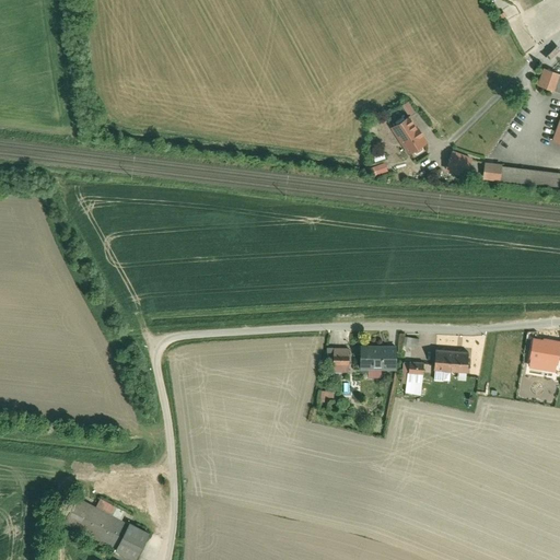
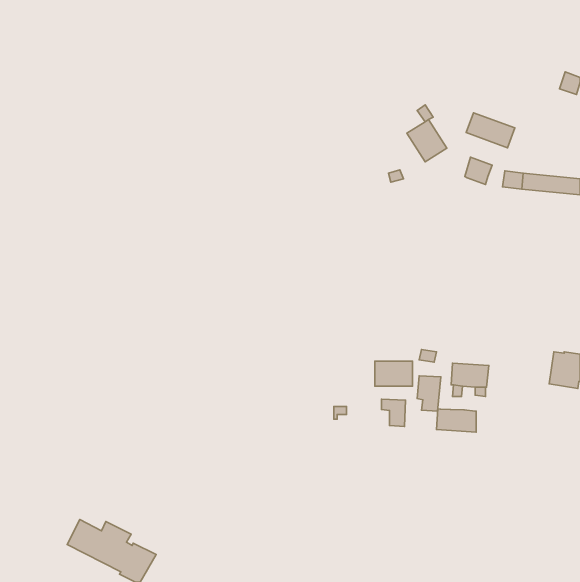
building: none -> [466,113,515,148]
building: [326,347,349,373] -> [382,399,406,427]
building: none -> [436,409,476,432]

